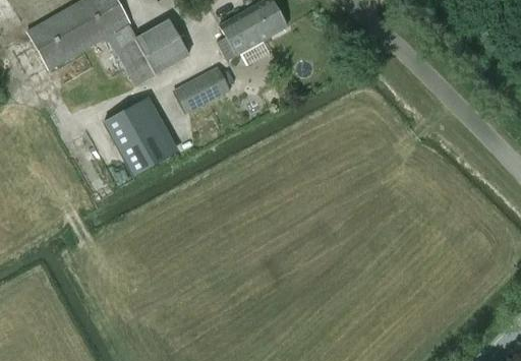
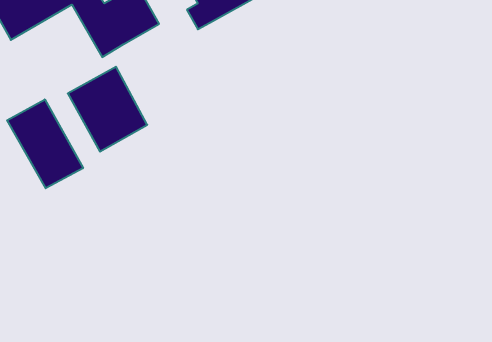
building: [173,66,231,114] -> none
building: none -> [7,99,83,188]

